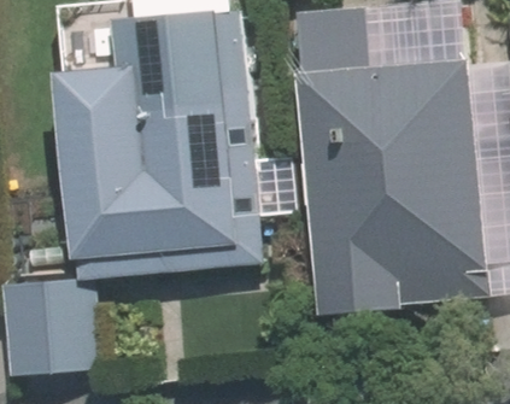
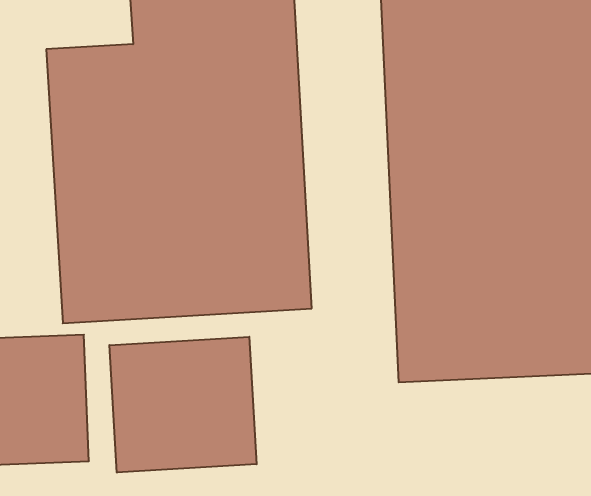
building: none -> [109,337,257,473]

